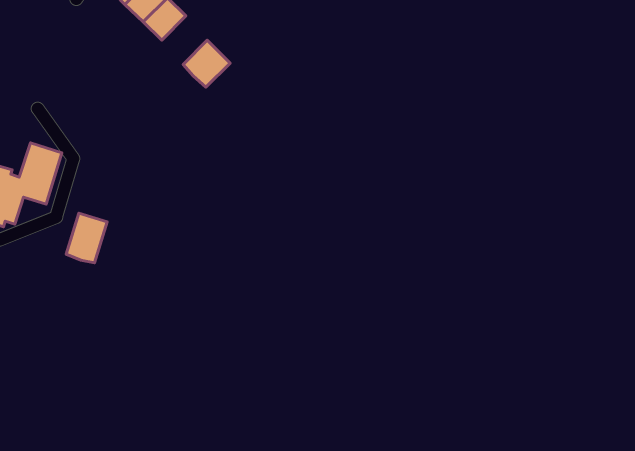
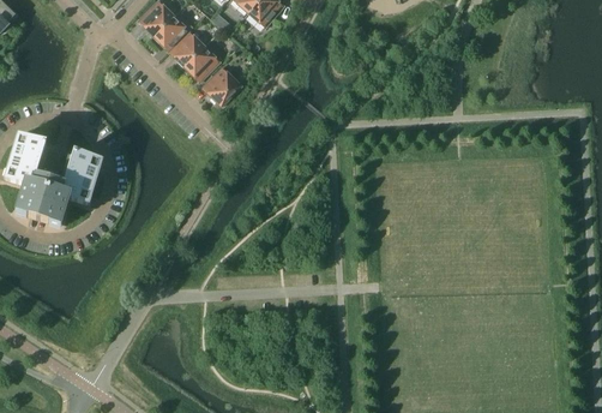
building: none -> [183,46,218,82]
building: [66,213,107,263] -> none

